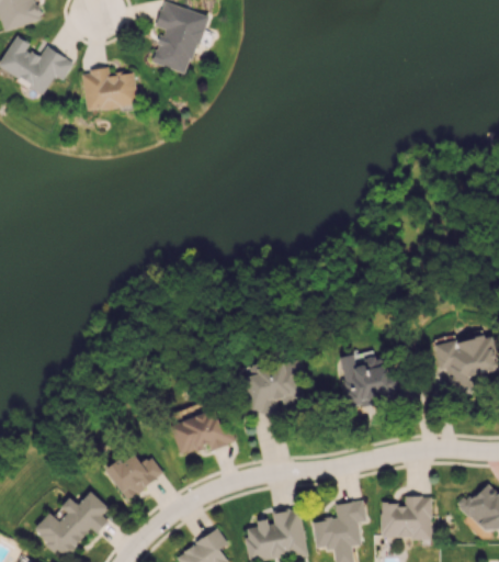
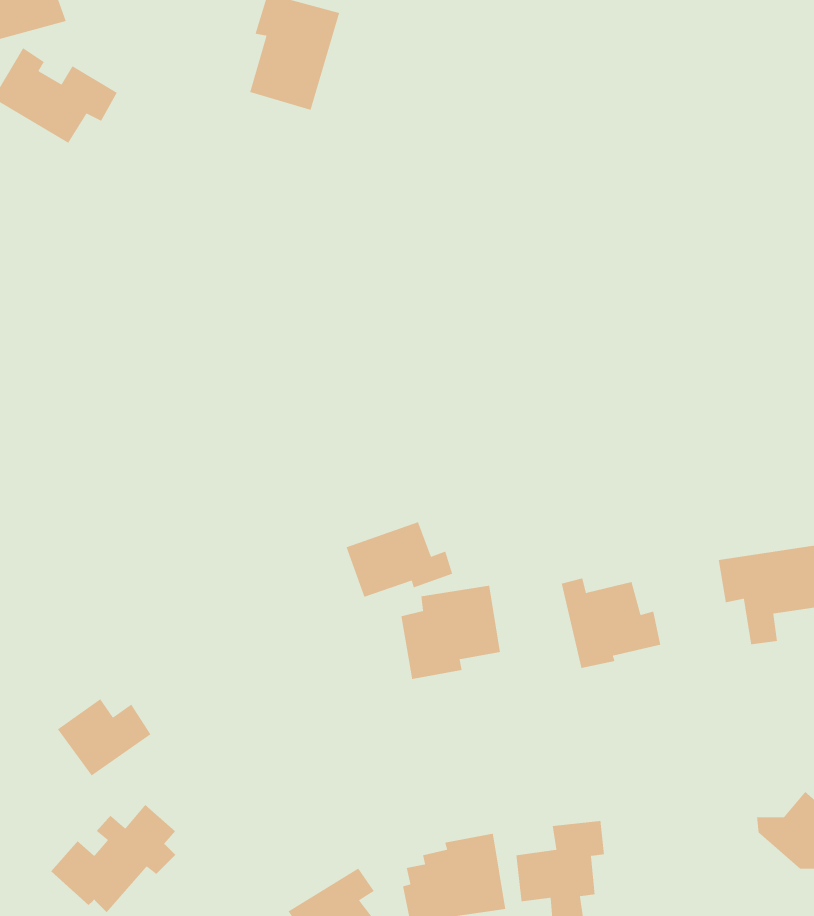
building: [81,68,138,112] -> none
building: [170,409,235,456] -> [346,521,453,598]
building: [106,452,163,499] -> [57,698,152,777]
building: [381,496,431,538] -> none

